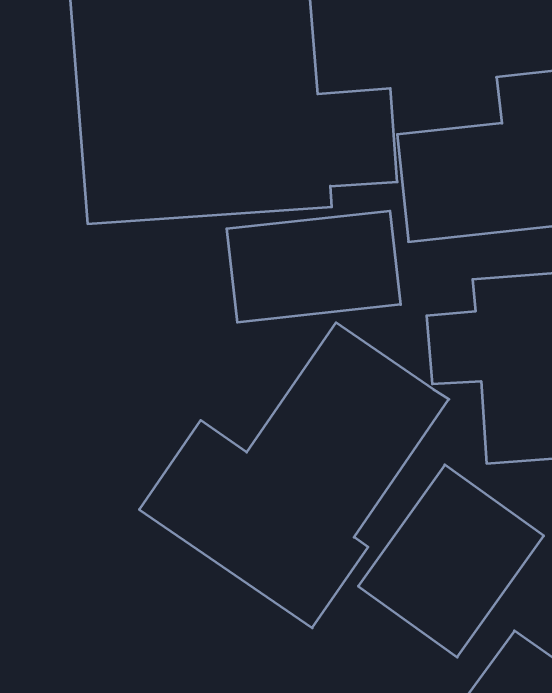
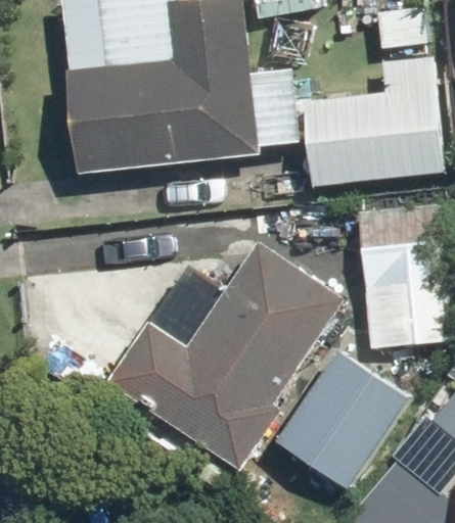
building: [227,211,401,322] -> none

